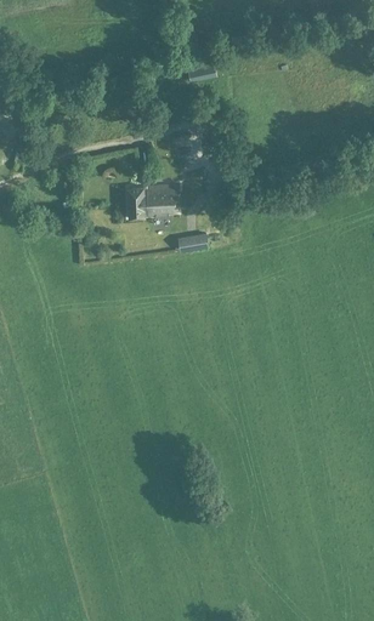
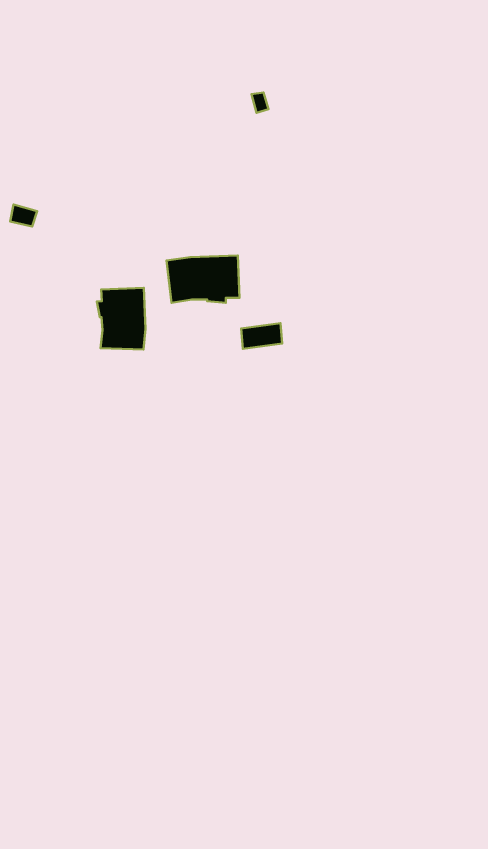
building: none -> [97,288,145,350]

